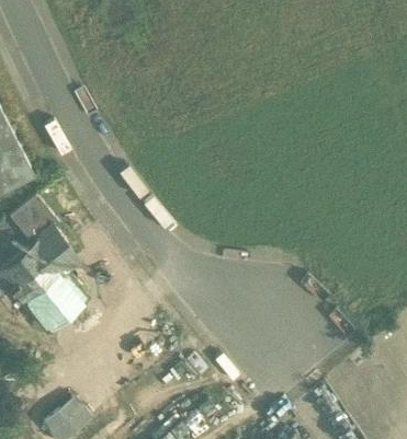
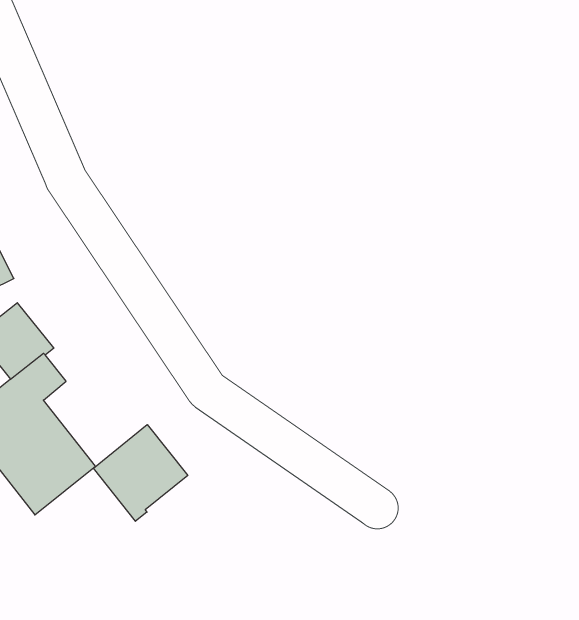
building: none -> [93,425,188,521]

